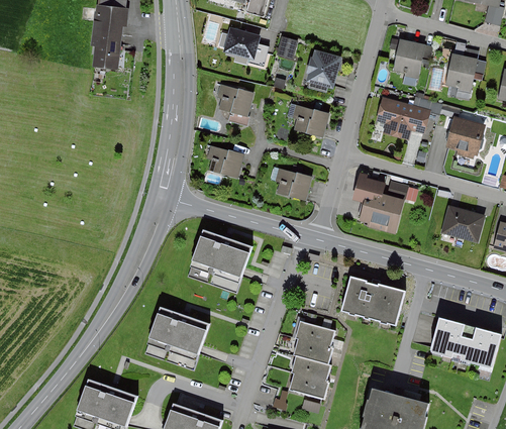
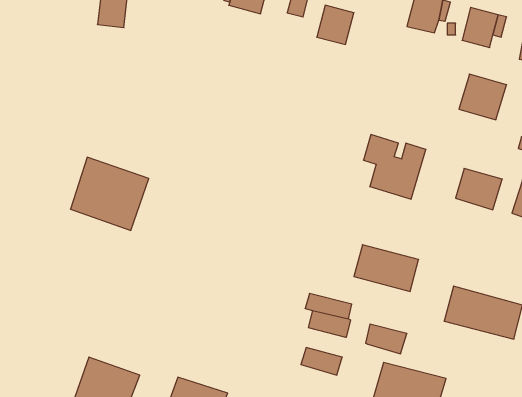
building: [217,86,257,119] -> none
building: [375,96,427,140] -> none
building: [294,107,331,138] -> none
building: [204,147,246,179] -> none
building: [271,169,316,202] -> none
building: [184,229,259,299] -> [70,157,149,230]
building: [141,310,212,374] -> none
building: [294,356,333,385] -> [366,324,407,354]

